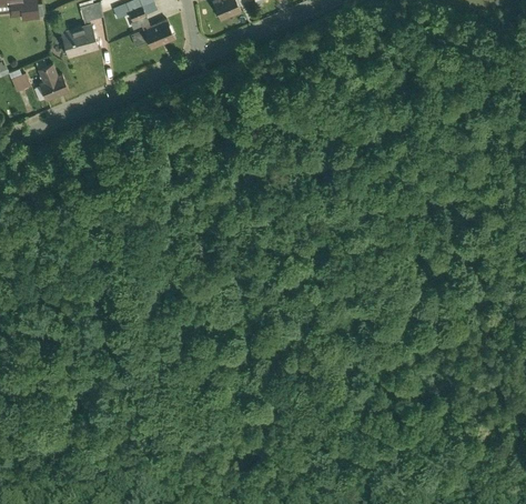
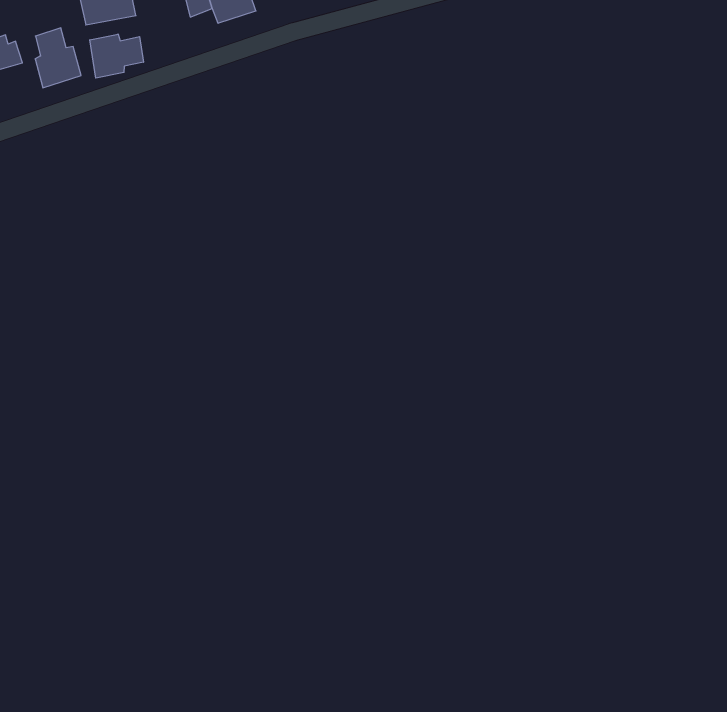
building: none -> [90,34,143,78]

